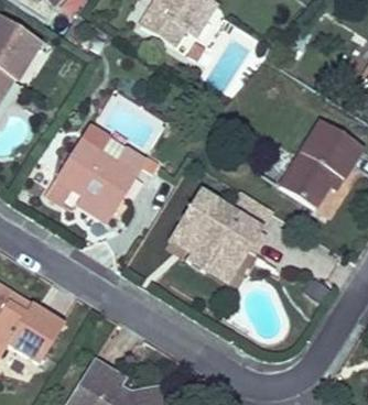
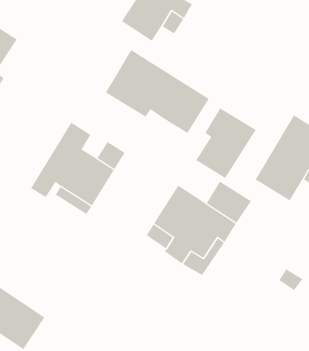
building: none -> [105,49,209,134]
building: none -> [195,107,257,179]

